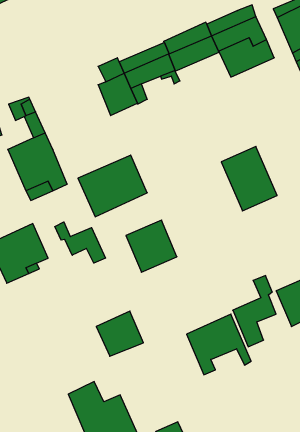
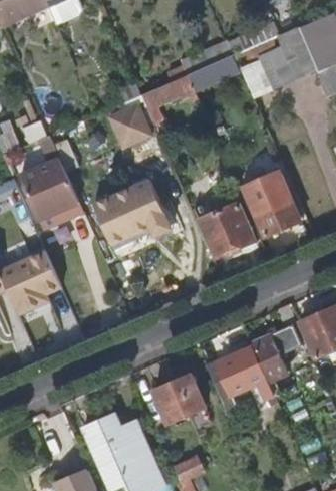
building: [126,220,177,272] -> [202,204,255,258]
building: [55,222,105,263] -> none
building: [96,311,143,356] -> [155,375,205,422]

